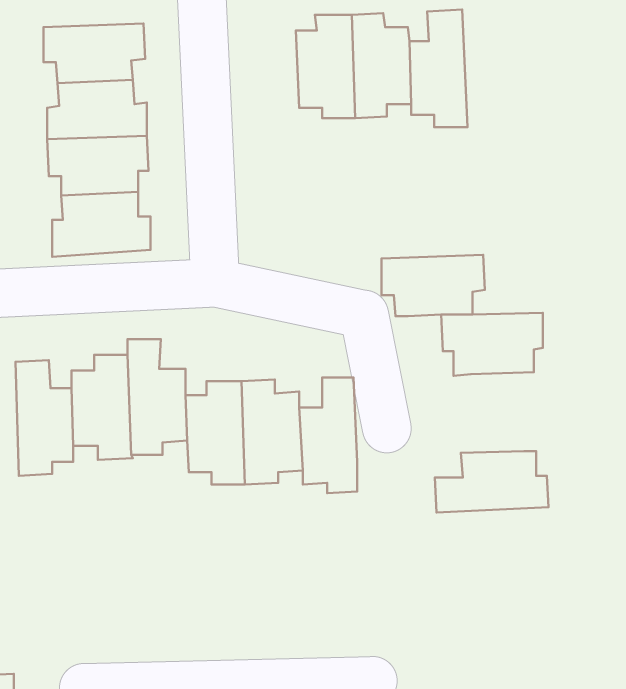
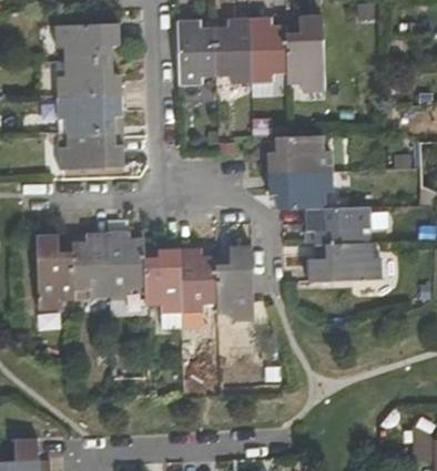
building: none -> [177,20,216,85]
building: none -> [267,135,333,172]
building: [435,451,549,513] -> [308,244,380,283]

